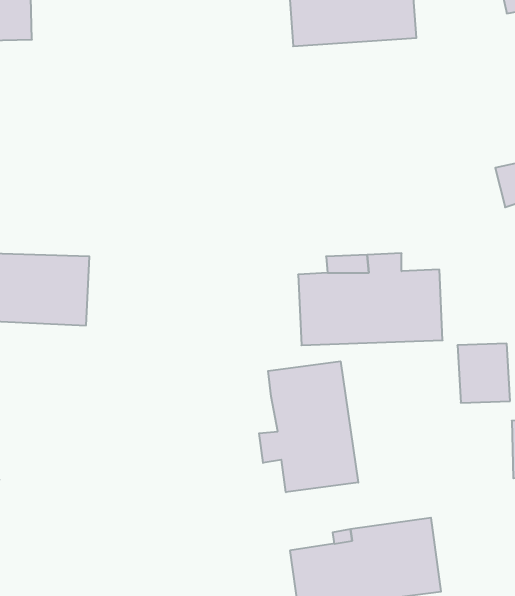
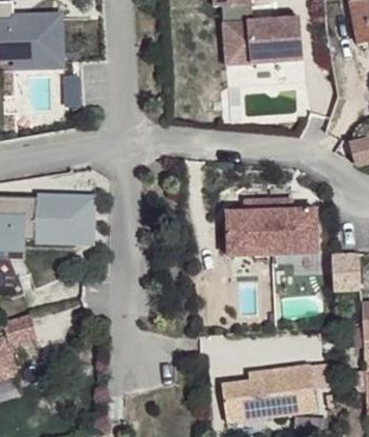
building: [259,361,358,492] -> none

